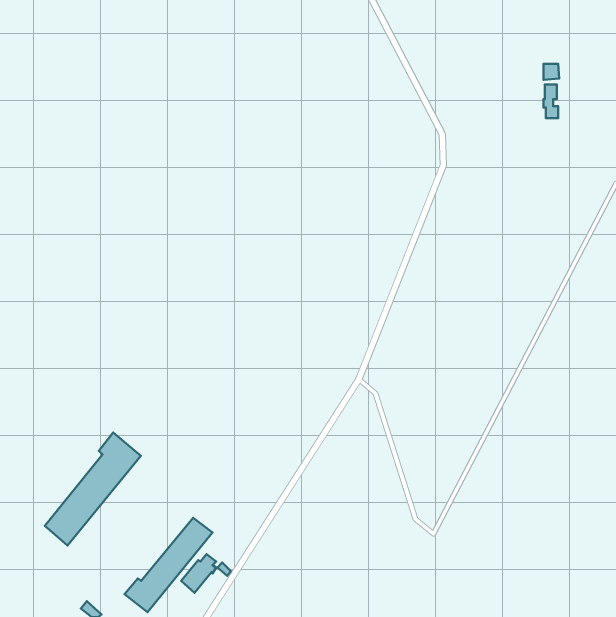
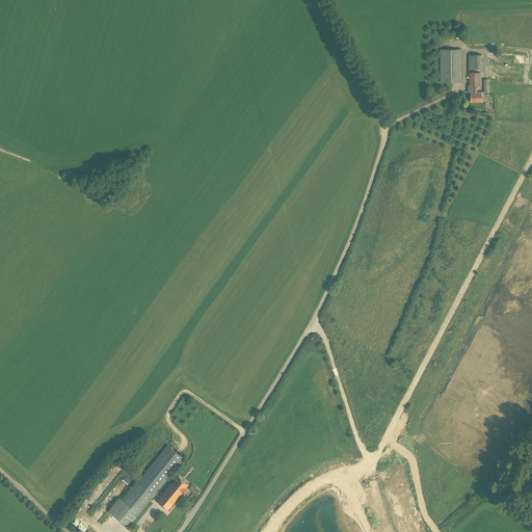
building: none -> [438,49,460,82]
building: [45,433,141,546] -> none

